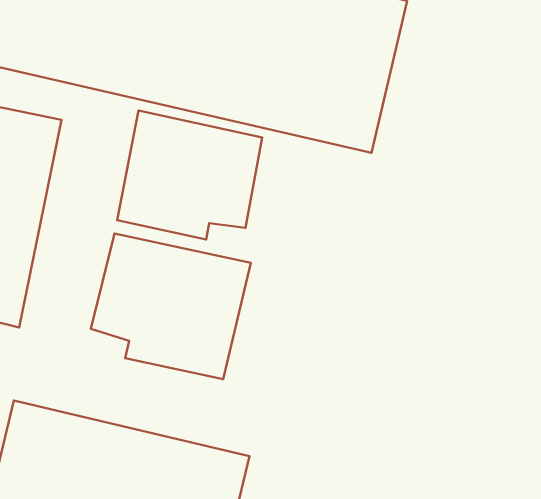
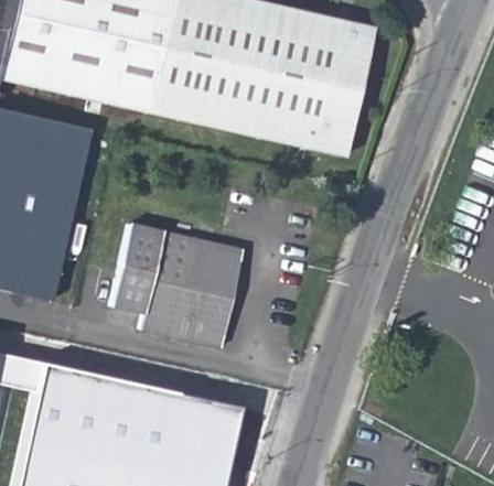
building: [117,110,262,239] -> none

